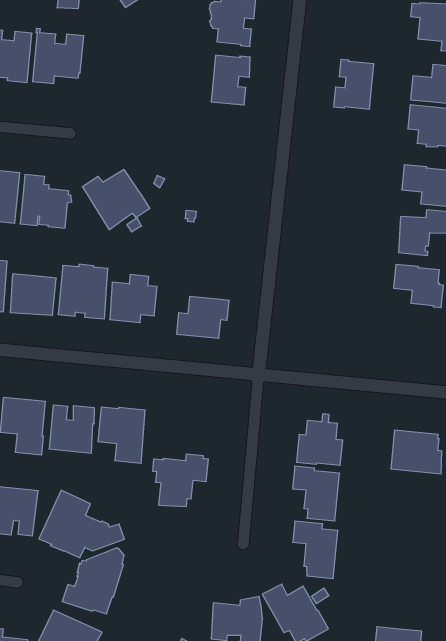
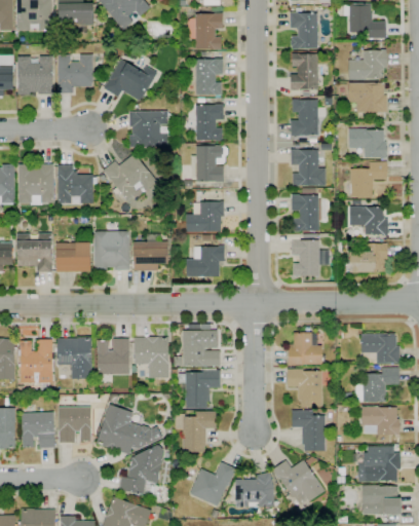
building: none -> [291,12,318,49]
building: none -> [104,60,158,102]
building: none -> [196,105,224,141]
building: none -> [129,111,168,147]
building: none -> [291,100,318,136]
building: none -> [196,146,228,181]
building: none -> [291,149,326,187]
building: none -> [186,201,225,232]
building: none -> [292,195,327,232]
building: none -> [292,239,331,276]
building: none -> [346,243,388,273]
building: none -> [183,331,220,367]
building: none -> [355,367,399,403]
building: none -> [175,412,217,453]
building: none -> [361,407,401,437]
building: none -> [358,447,402,482]
building: none -> [190,462,236,506]

